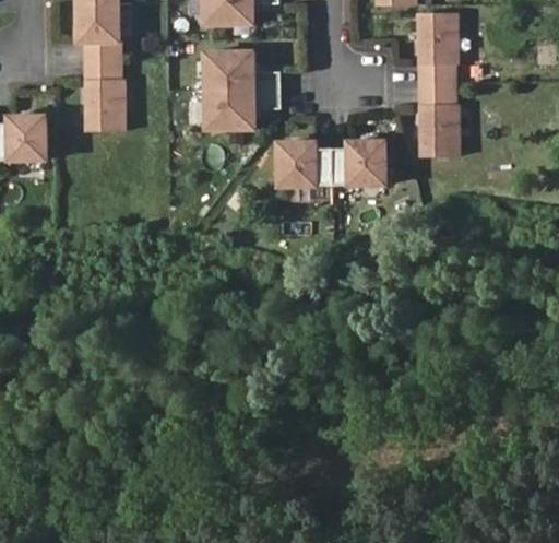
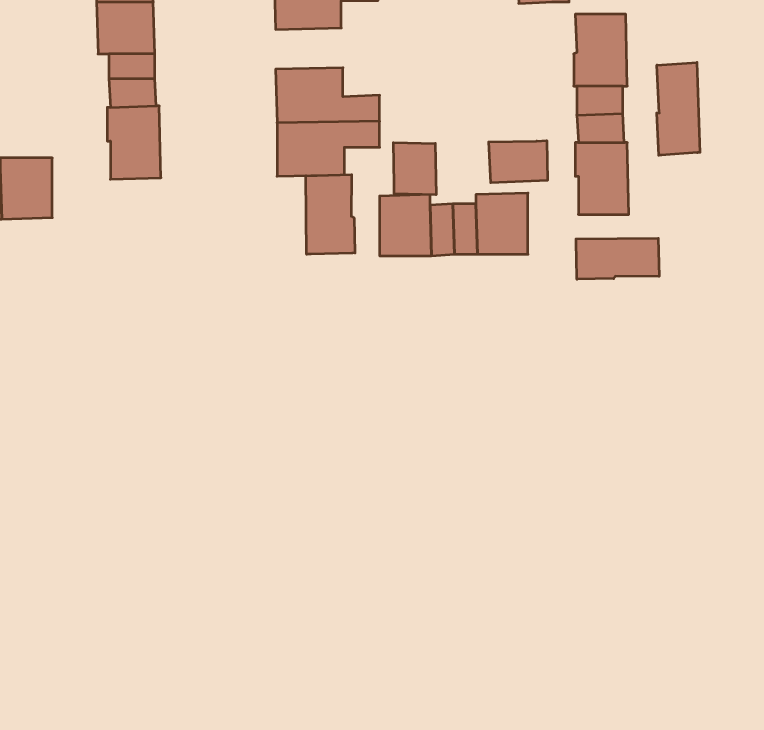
building: none -> [657,62,700,155]
building: none -> [489,141,547,183]
building: none -> [393,143,436,195]
building: none -> [306,175,355,254]
building: none -> [576,238,659,279]

